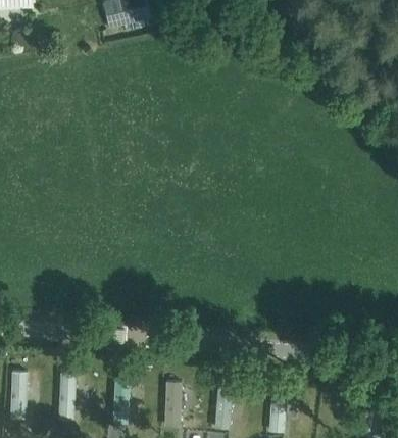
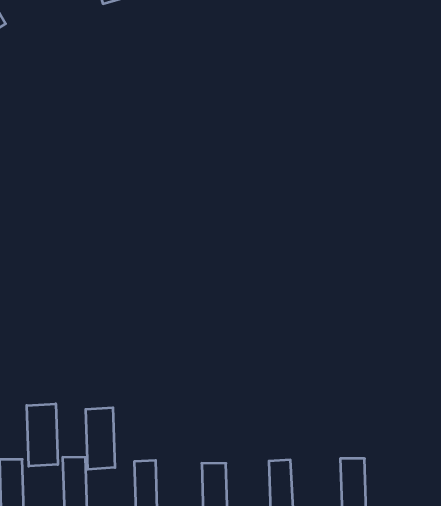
building: none -> [27,404,58,466]
building: none -> [86,408,115,469]

